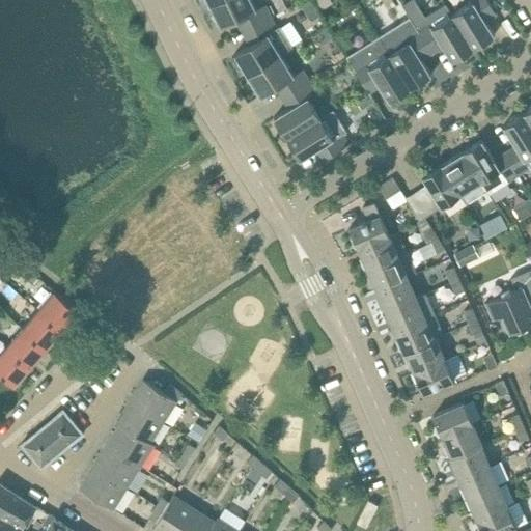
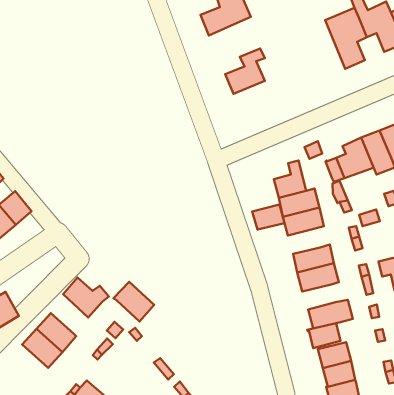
building: [346,38,411,103] -> none
building: [248,56,309,99] -> none
building: [287,113,348,162] -> none
building: [376,279,416,312] -> [252,204,285,230]
building: [403,340,444,373] -> [307,323,341,348]
building: [115,402,163,446] -> [114,282,154,321]
building: [80,468,127,510] -> none

